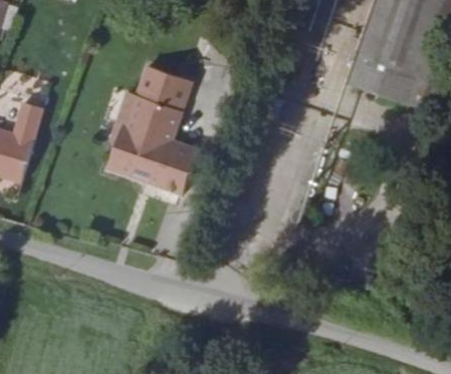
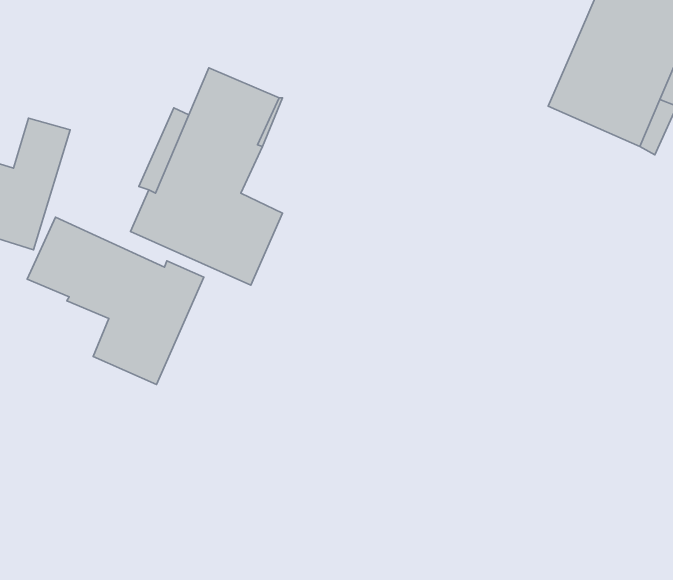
building: none -> [27,217,204,385]

